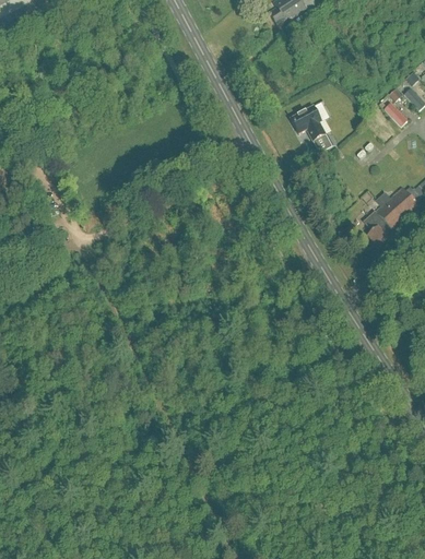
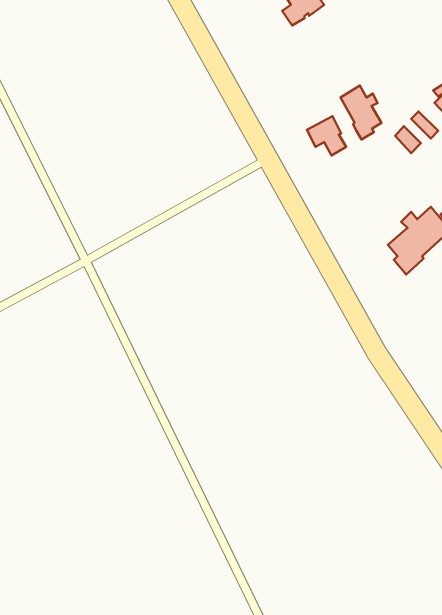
building: none -> [340,85,382,140]

